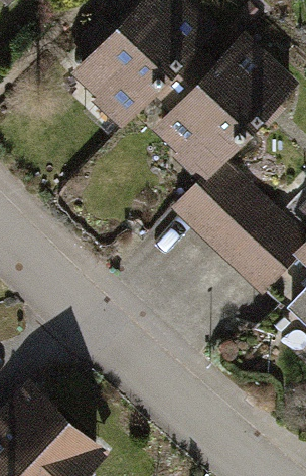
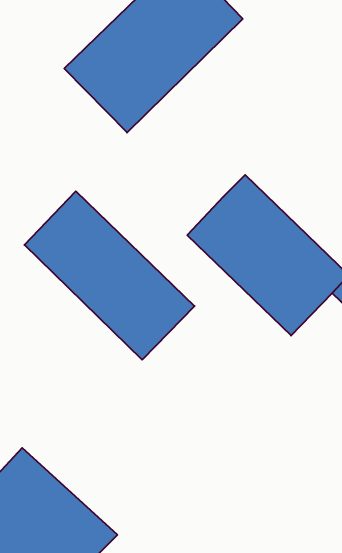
building: [148,28,295,176] -> none
building: none -> [24,191,195,360]

